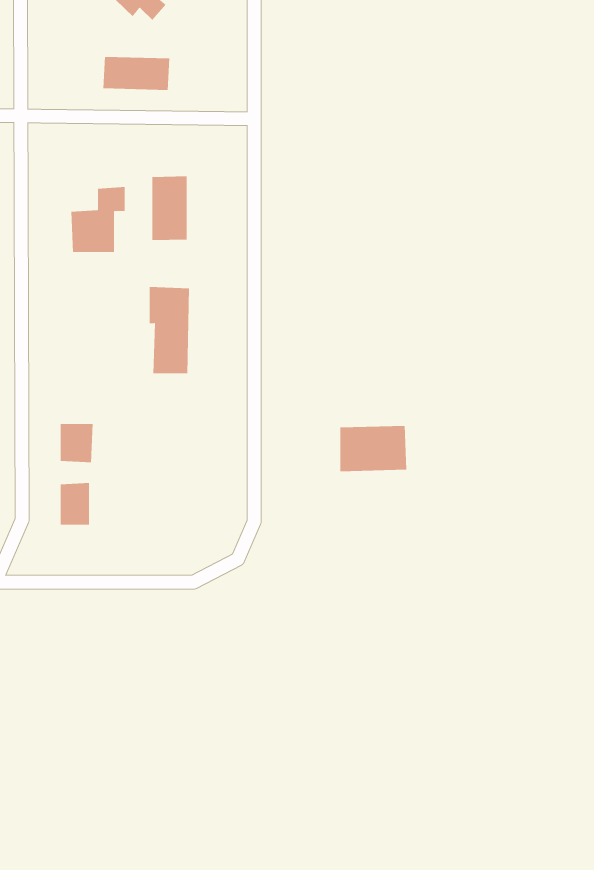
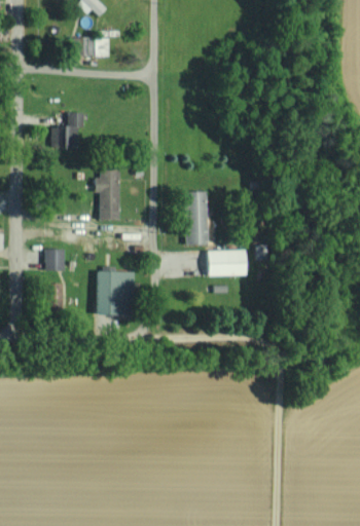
building: [152,175,187,241] -> none
building: none -> [184,191,209,245]
building: none -> [97,271,131,315]

